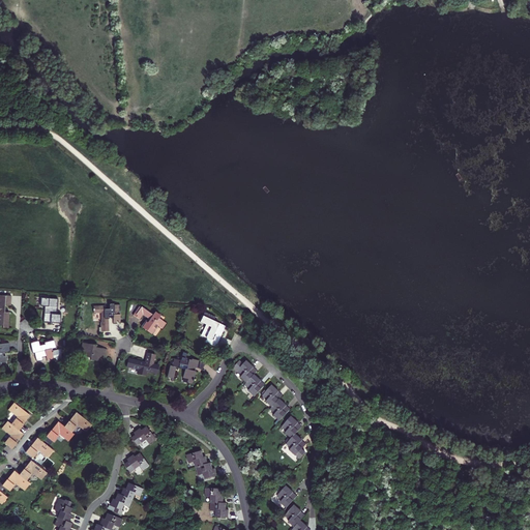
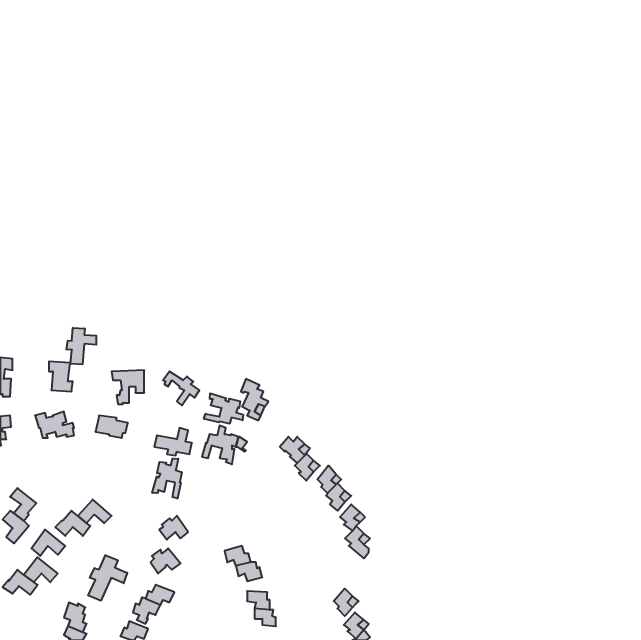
building: none -> [67,328,96,364]
building: none -> [204,393,243,424]
building: none -> [152,458,182,499]
building: none -> [88,555,127,601]

